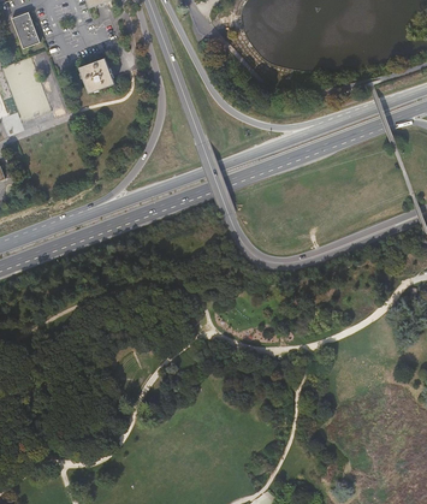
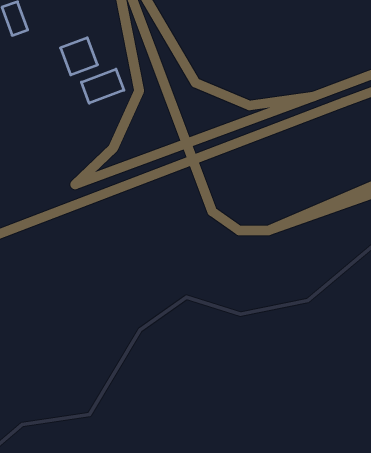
building: none -> [81,69,124,103]

